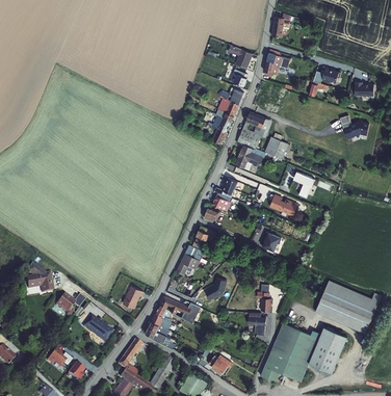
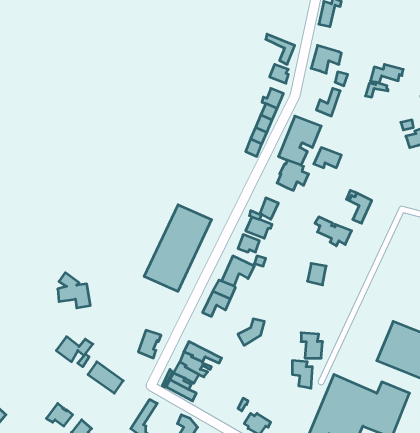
building: none -> [144,205,212,291]
building: [25,262,52,291] -> [58,273,90,308]

